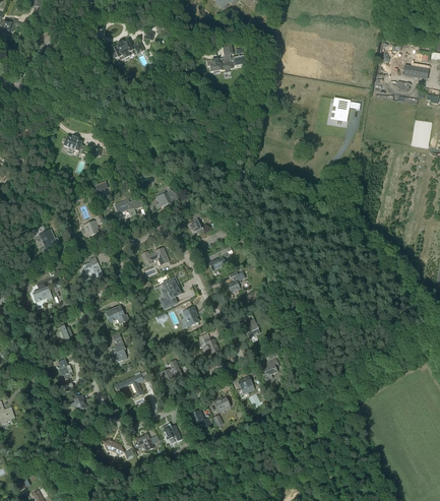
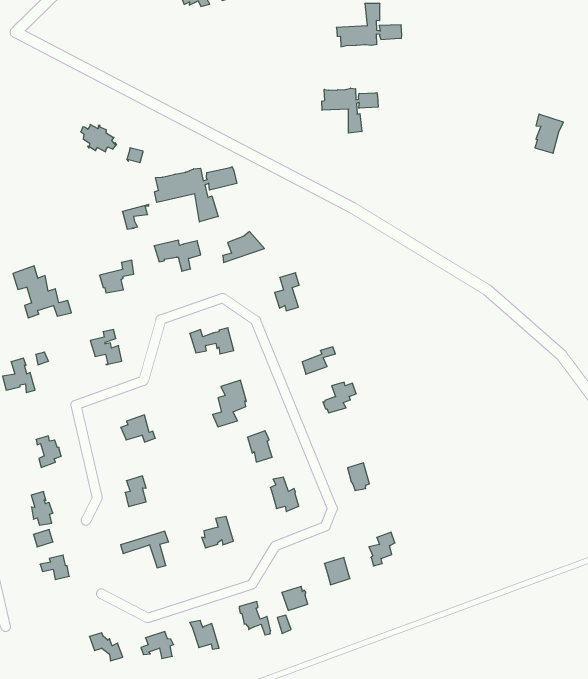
building: none -> [322,88,378,133]
building: none -> [155,167,237,222]

